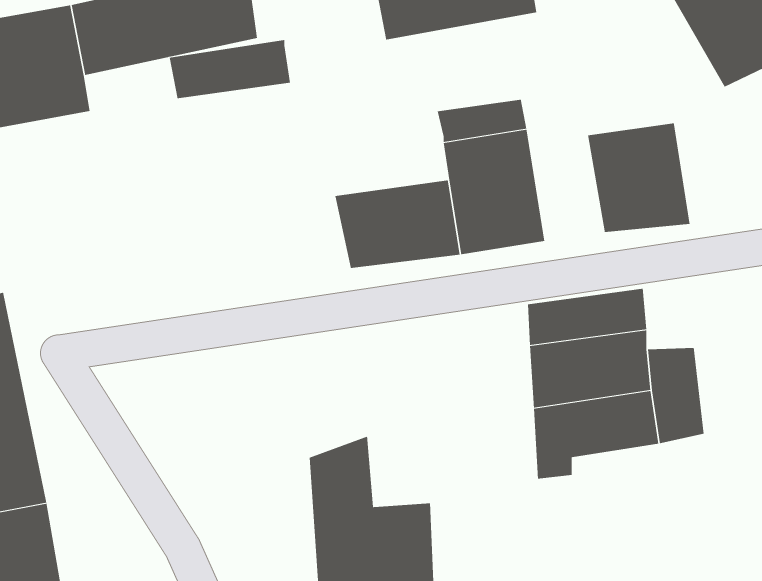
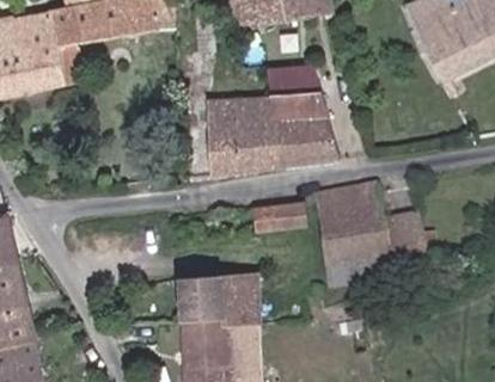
building: [169,40,291,99] -> [198,98,273,134]
building: [588,123,690,233] -> none
building: none -> [255,202,300,234]
building: none -> [224,267,262,322]

